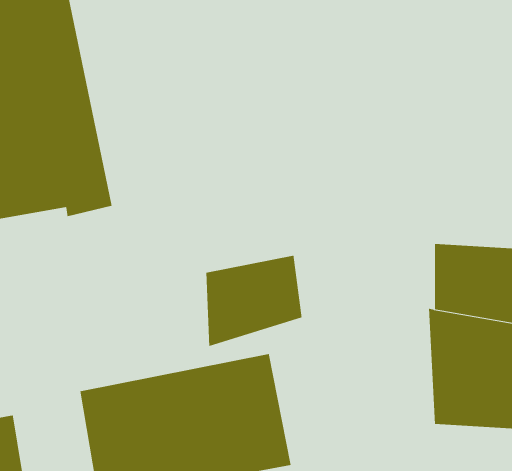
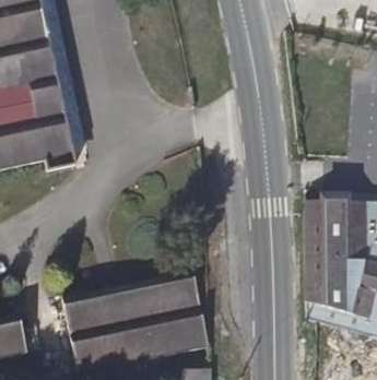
building: [206,255,302,347] -> none

